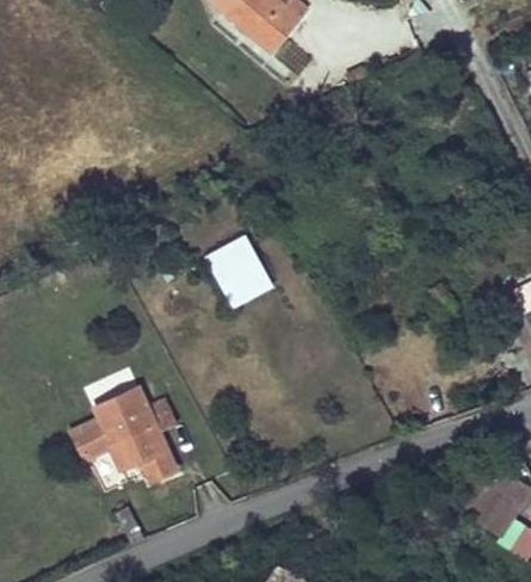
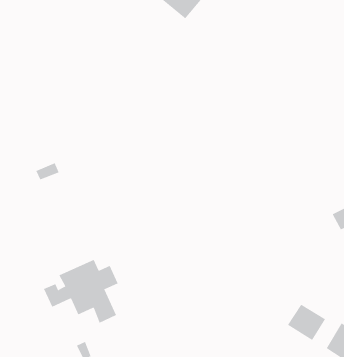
building: [204,230,274,305] -> none
building: none -> [287,304,326,341]

